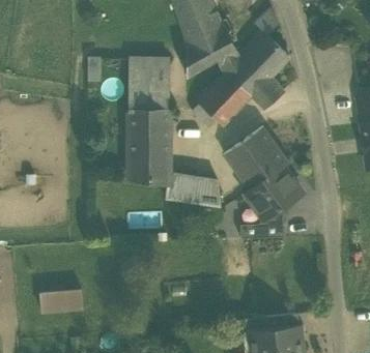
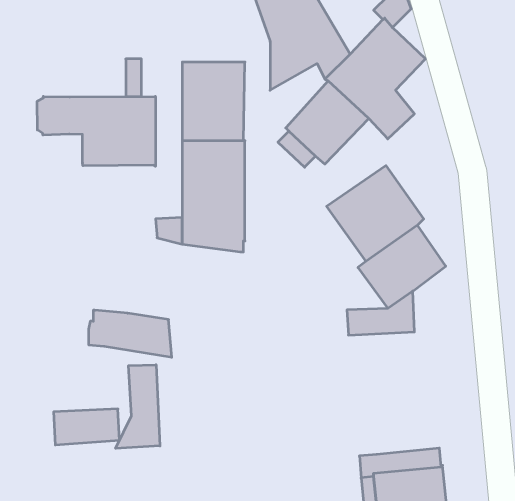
building: none -> [37,96,155,166]
building: [166,176,221,207] -> [89,310,172,357]
building: none -> [116,365,160,448]

